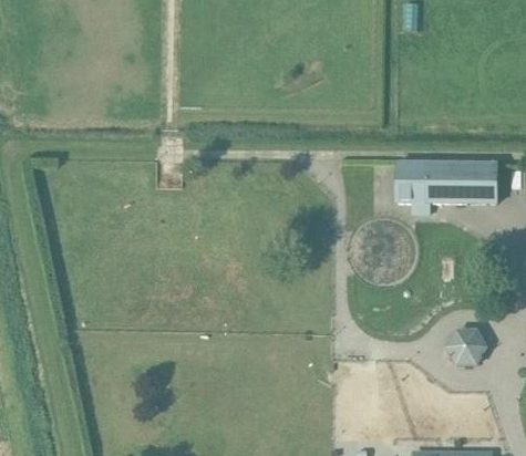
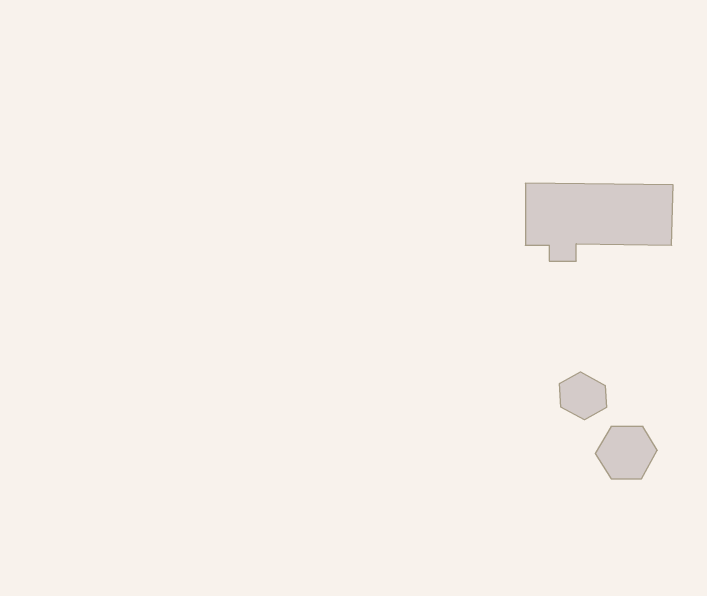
building: none -> [560,372,607,420]

